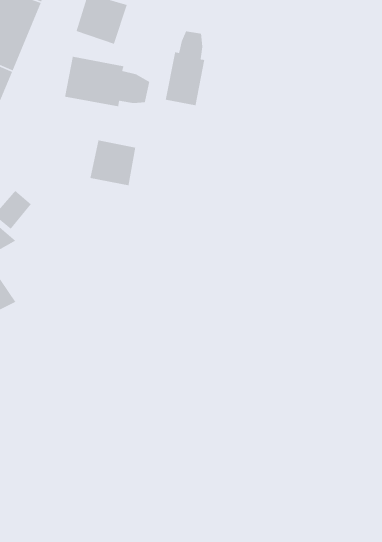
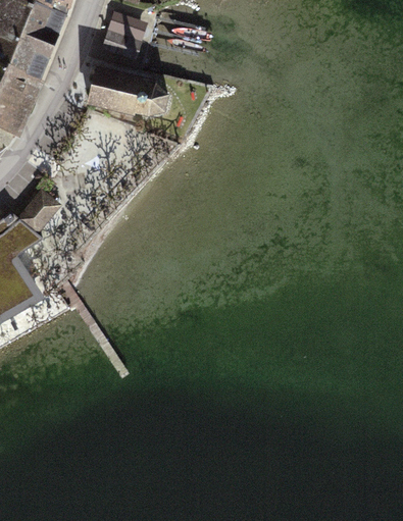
building: [165,31,205,106] -> none
building: [89,139,136,186] -> none

